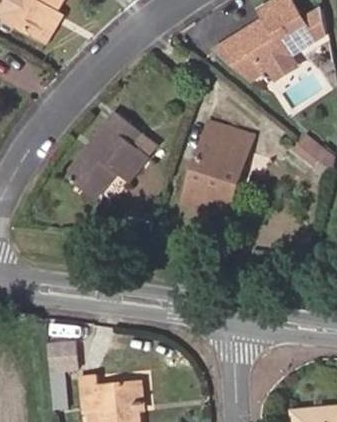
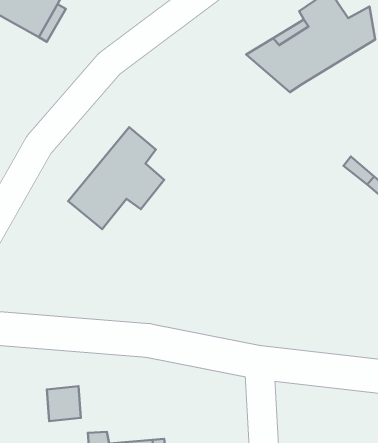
building: [179,121,251,218] -> none

